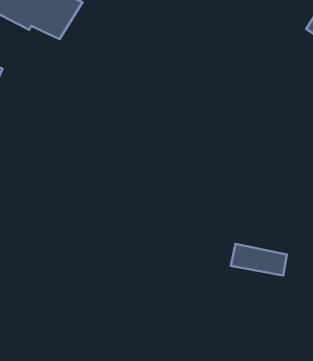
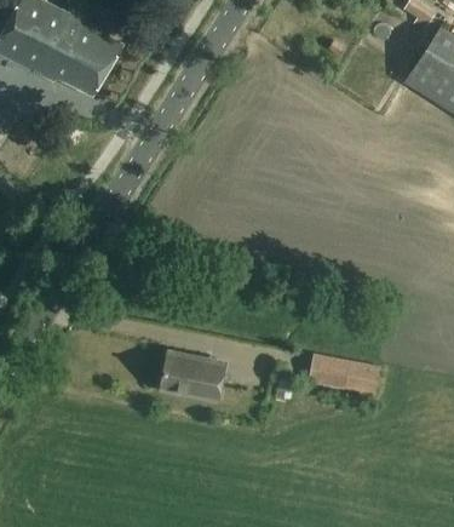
building: none -> [161,353,225,400]

